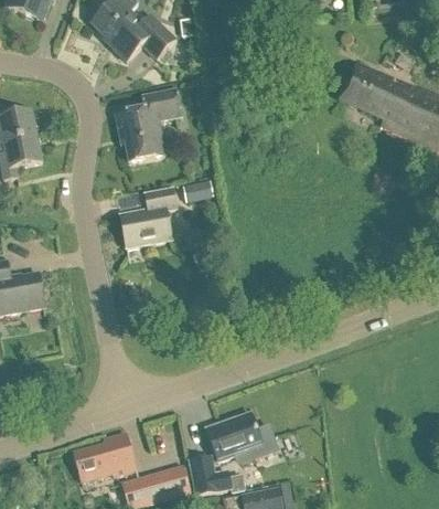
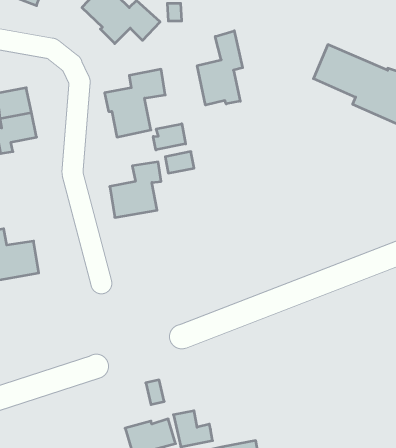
building: none -> [197,31,243,105]
building: none -> [153,124,186,150]
building: [206,412,263,460] -> none
building: [73,432,136,481] -> none

